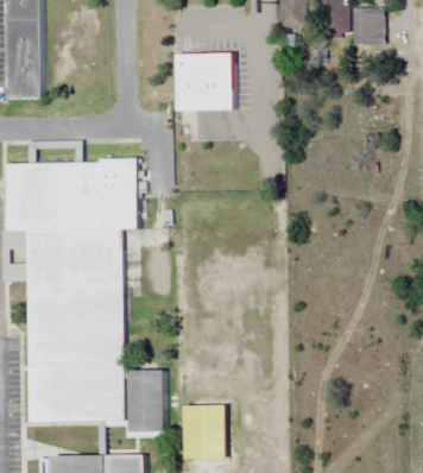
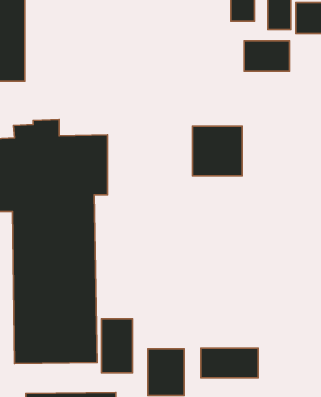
building: none -> [244,41,289,71]
building: [176,53,233,111] -> [193,126,242,176]
building: none -> [201,348,258,378]

